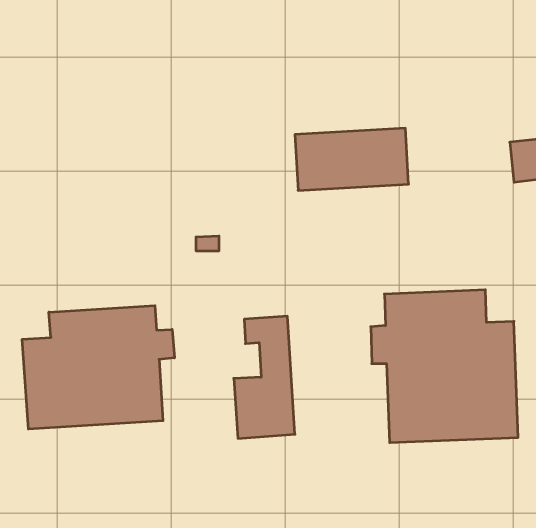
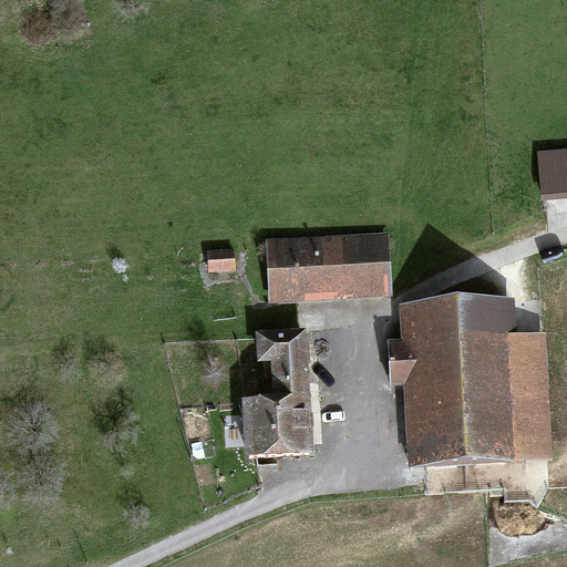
building: [295,128,409,190] -> [267,230,386,296]
building: [22,306,174,429] -> none

